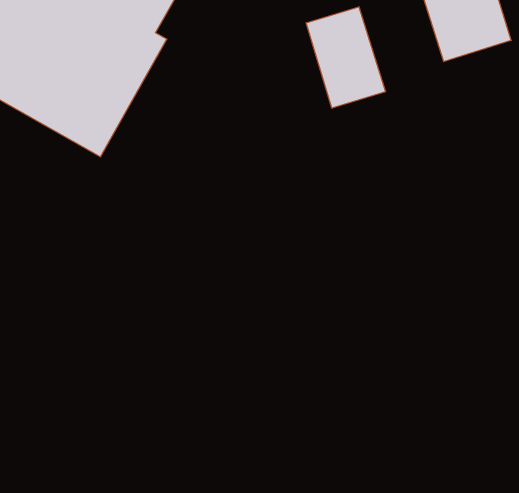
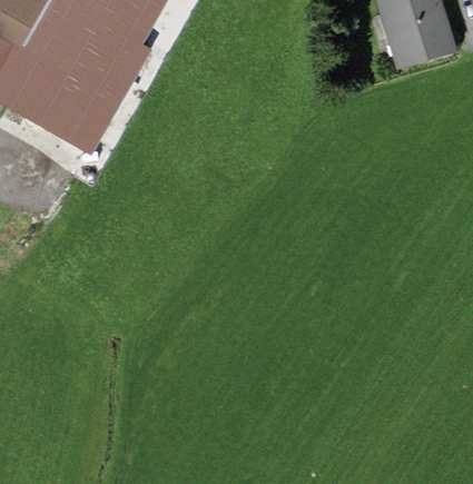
building: [306,7,386,108] -> none

